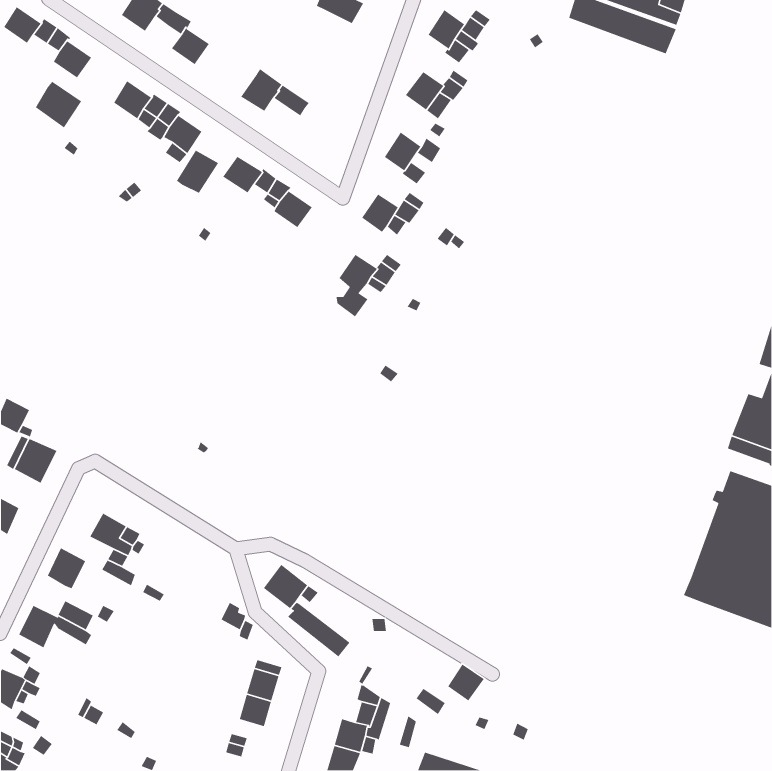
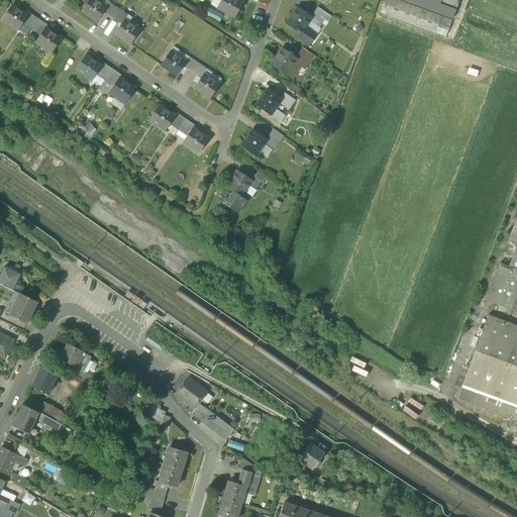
building: [35,80,82,129] -> none
building: none -> [194,69,221,98]
building: [175,149,219,194] -> none

